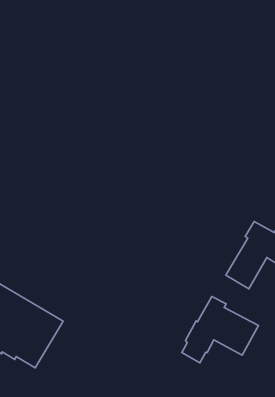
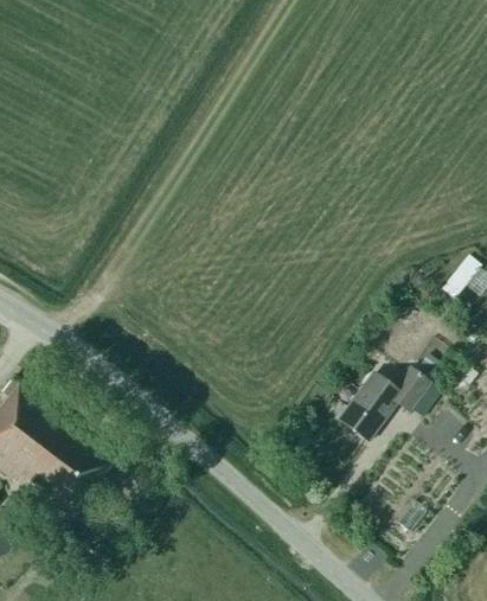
building: [182,296,258,363] -> none

